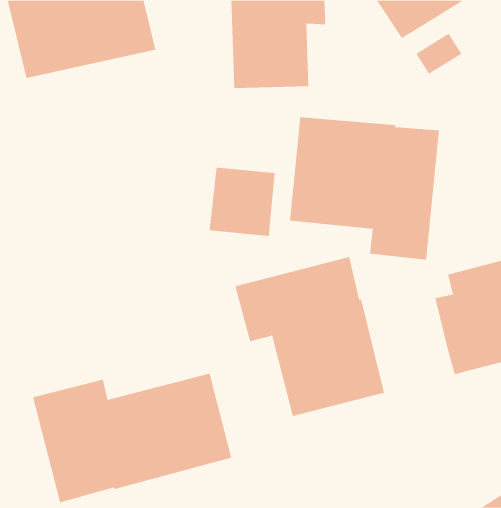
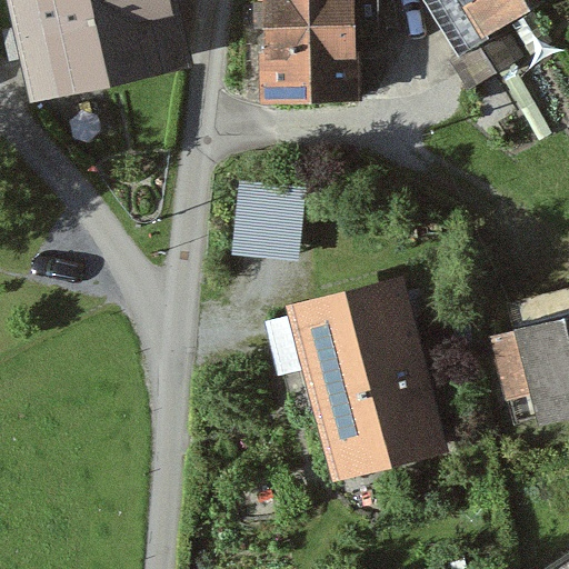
building: [290,116,439,260] -> none
building: [32,373,232,503] -> none

